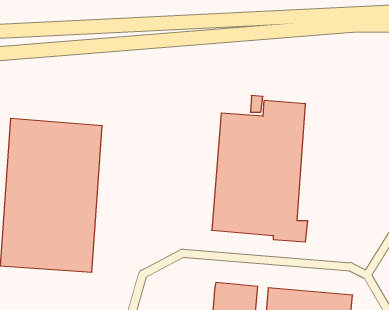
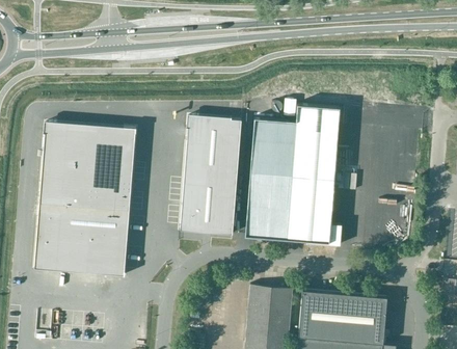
building: none -> [180,115,241,234]

